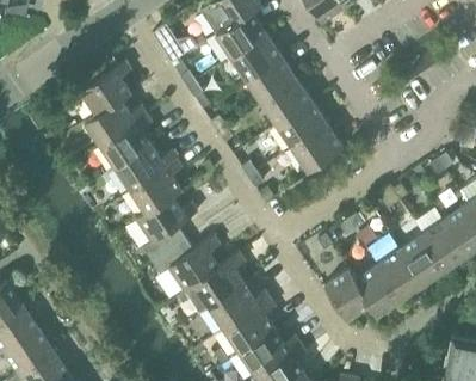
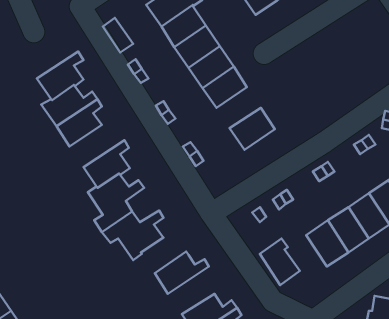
building: [277,102,326,147] -> none
building: [115,143,175,190] -> none
building: [193,253,243,307] -> none
building: [352,265,398,315] -> none
building: [223,300,274,352] -> none

